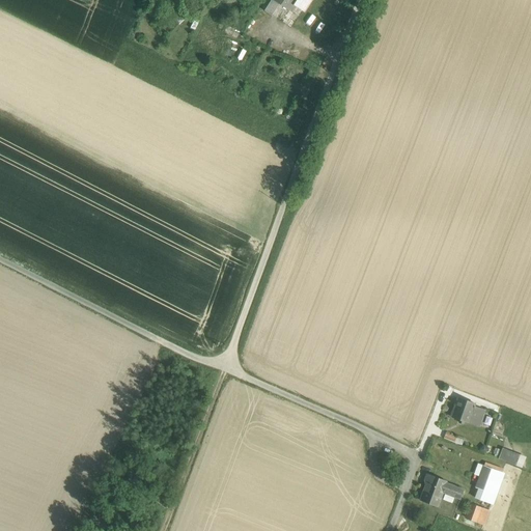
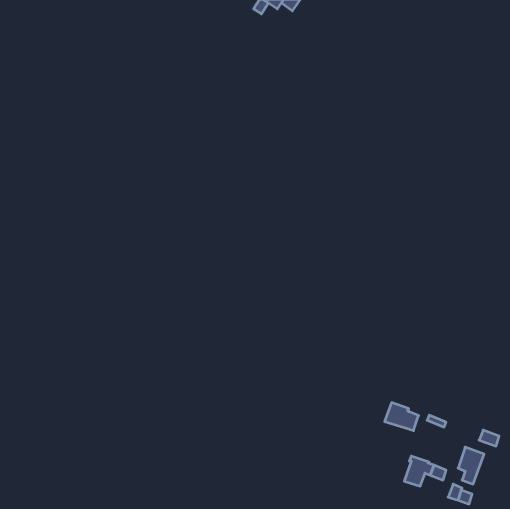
building: [450,396,485,425] -> [385,403,419,431]

